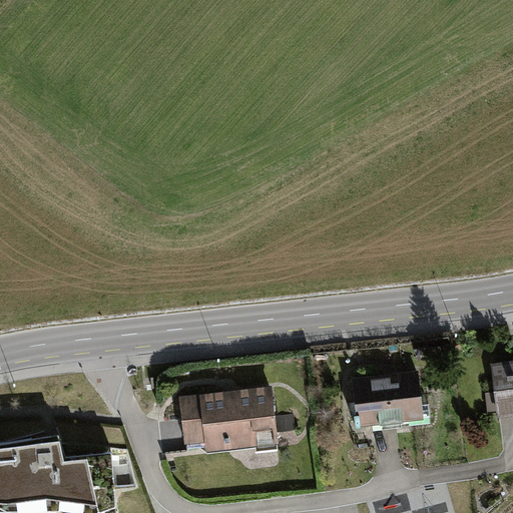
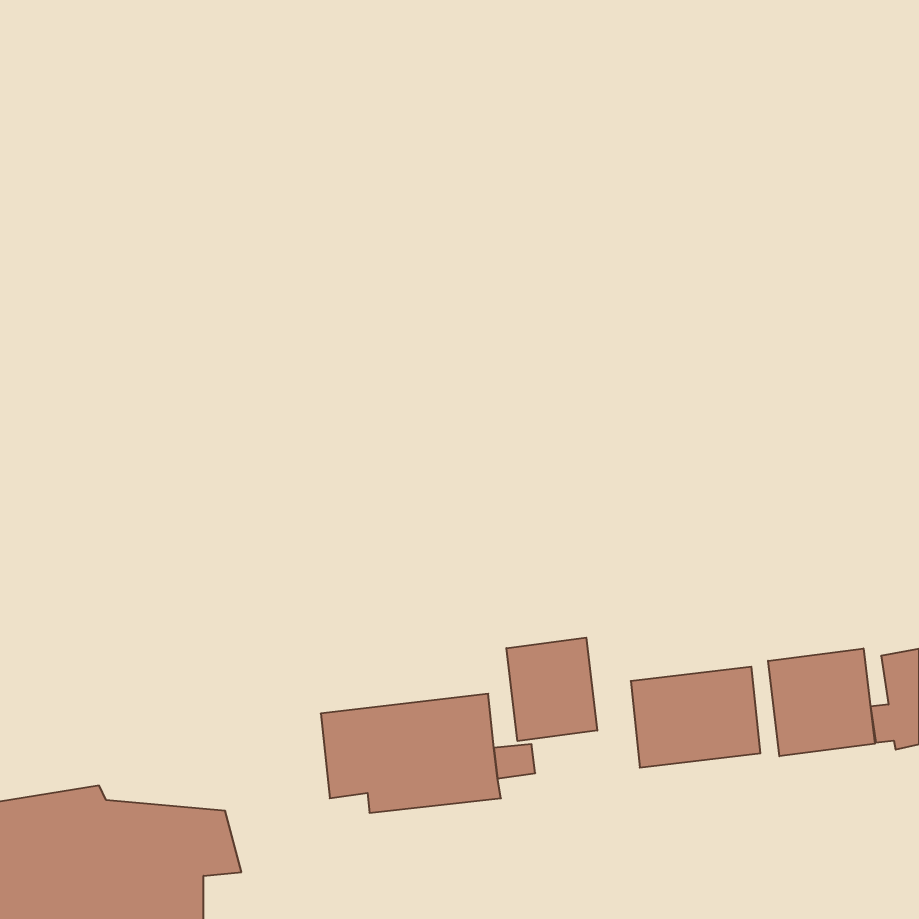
building: none -> [506,638,597,741]
building: none -> [768,648,875,756]

